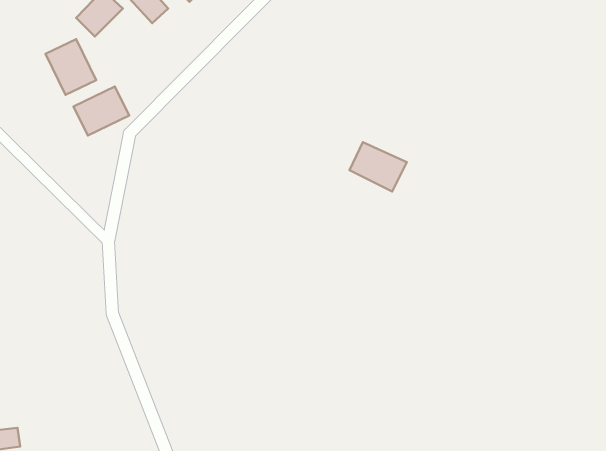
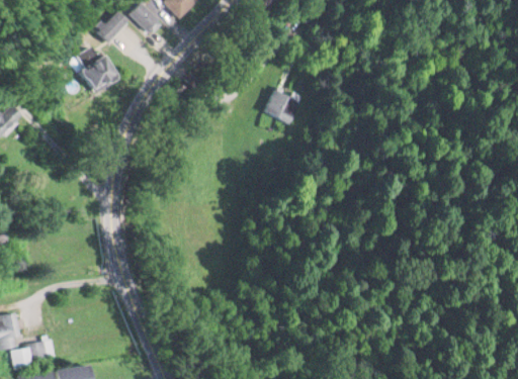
building: [73,86,129,136] -> none
building: [350,142,407,191] -> [263,88,307,125]

